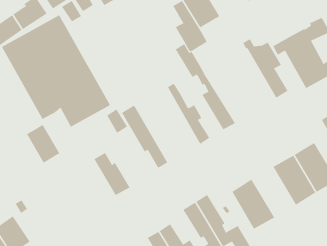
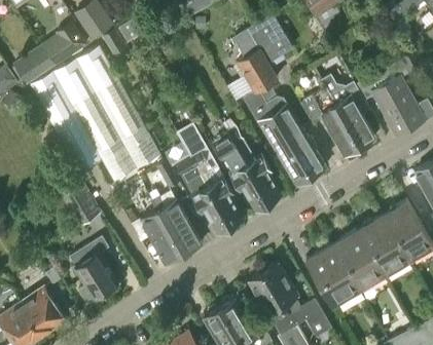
building: none -> [298,88,359,157]
building: none -> [265,97,325,178]
building: none -> [175,123,242,225]
building: none -> [213,135,267,209]
building: none -> [151,192,202,255]
building: none -> [330,230,383,291]
building: none -> [72,238,119,303]

